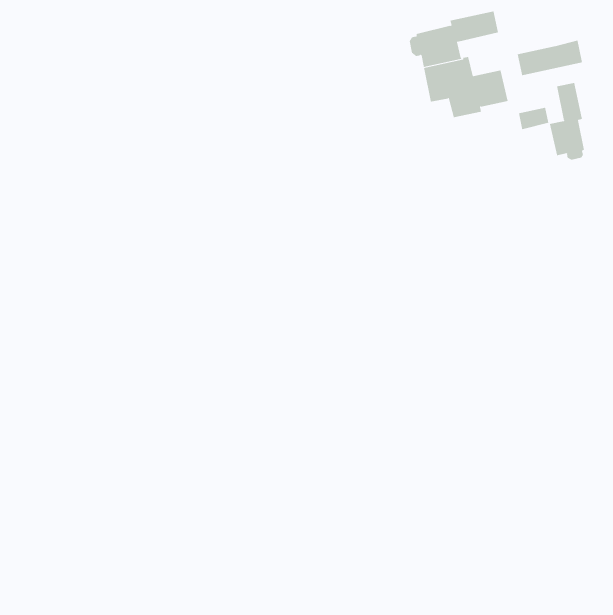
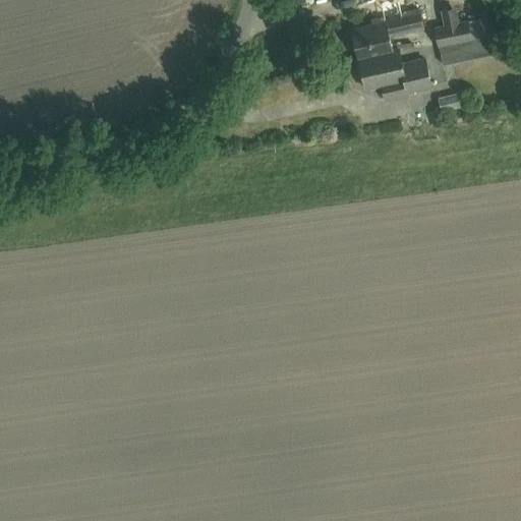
building: none -> [433,20,470,46]
building: [549,82,584,161] -> none

